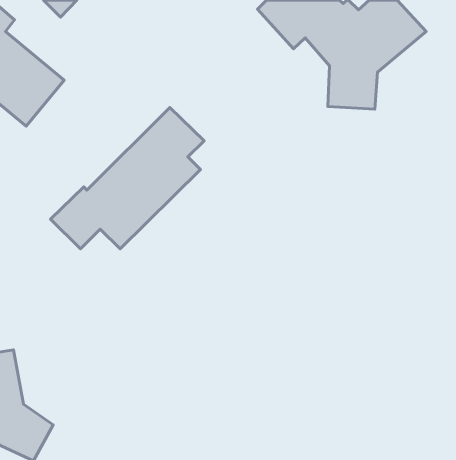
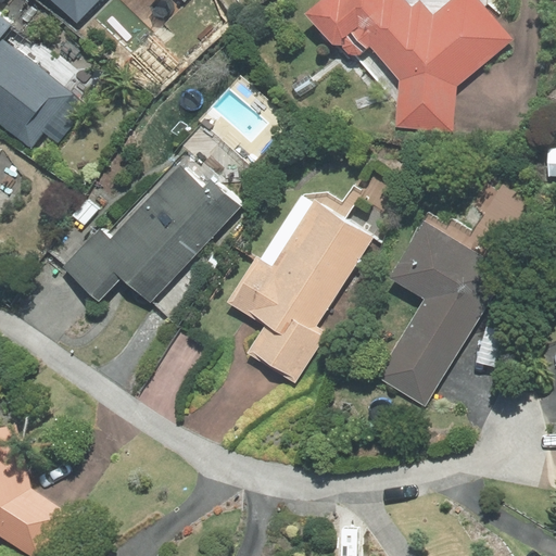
building: none -> [231,192,372,381]
building: none -> [376,216,508,407]

